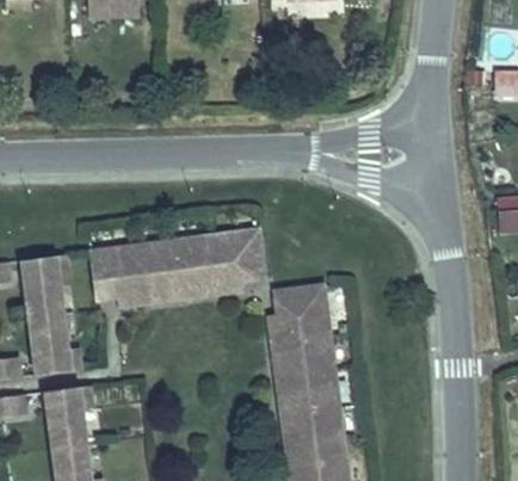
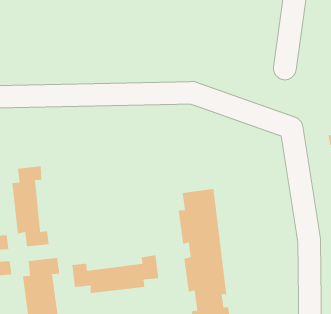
building: [90,239,265,313] -> none
building: none -> [72,254,159,294]

